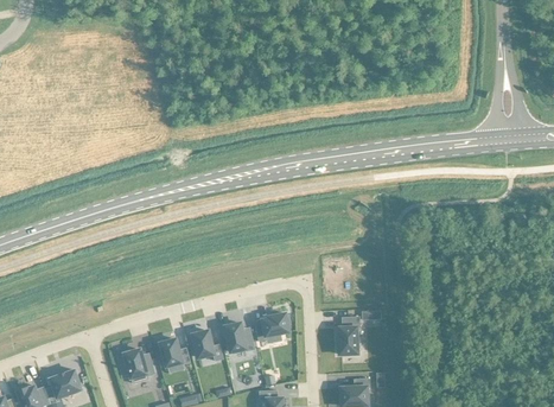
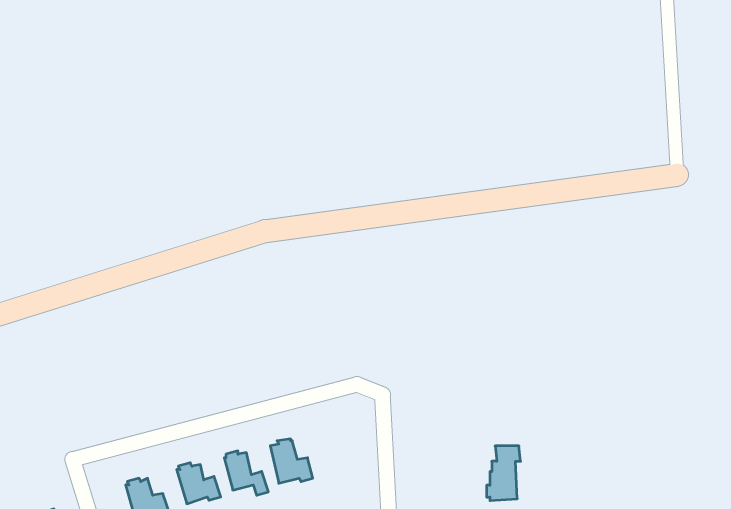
building: [255,313,291,341] -> none
building: [337,317,361,355] -> [487,446,521,501]

